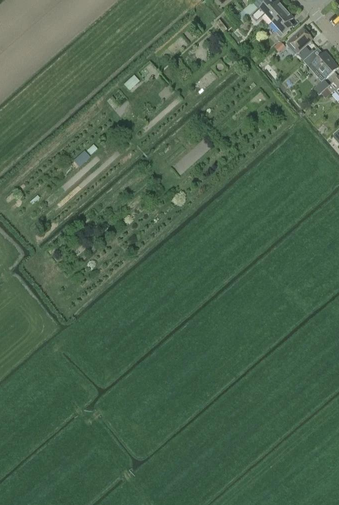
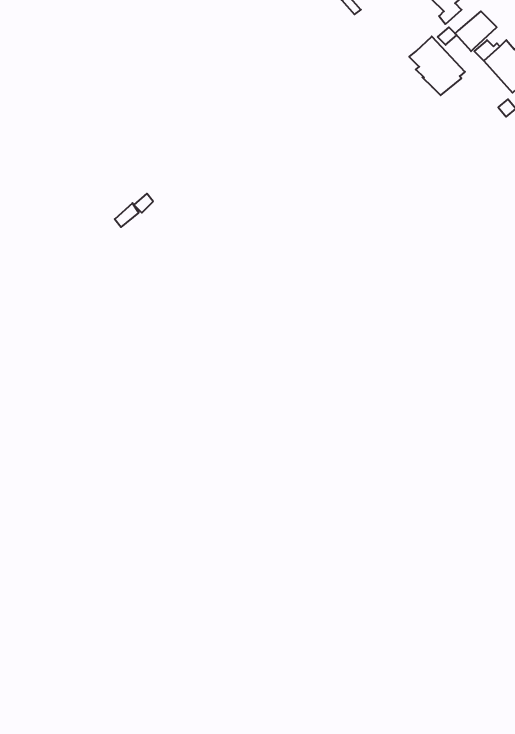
building: none -> [409,36,465,95]

